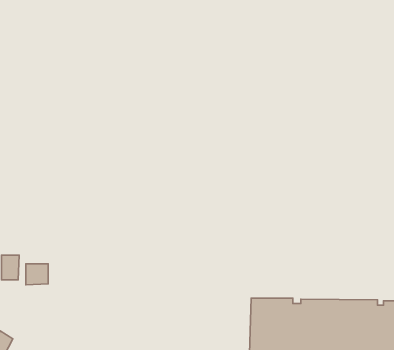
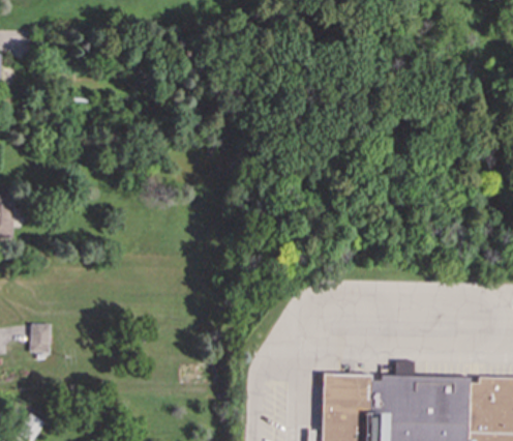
building: [26,264,48,285] -> none

